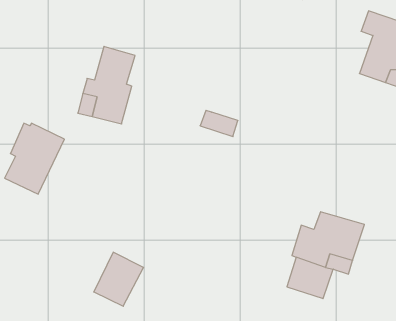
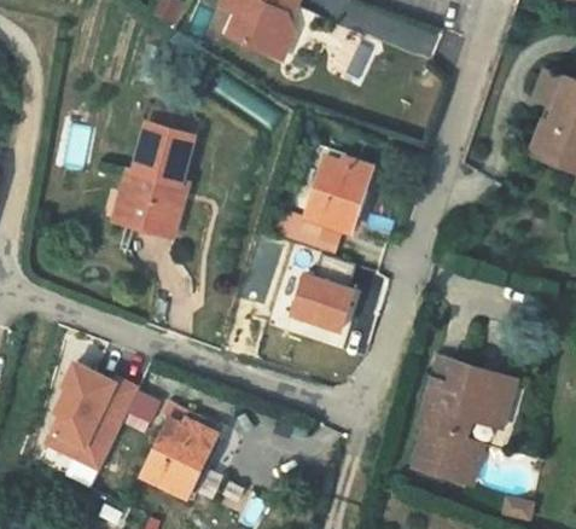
building: none -> [307,157,370,231]
building: [5,123,64,194] -> [51,367,136,469]
building: none -> [293,279,354,333]

